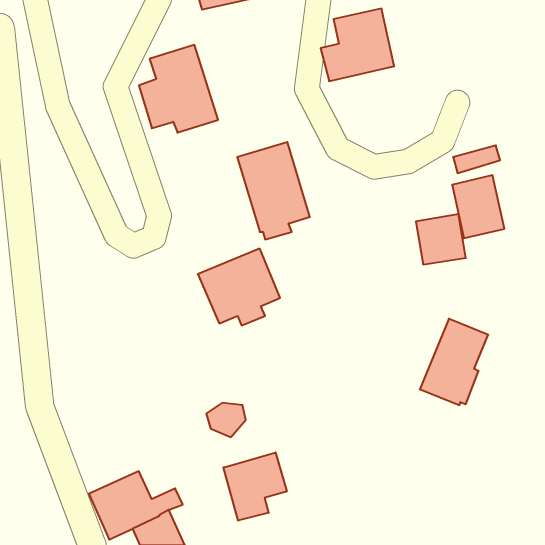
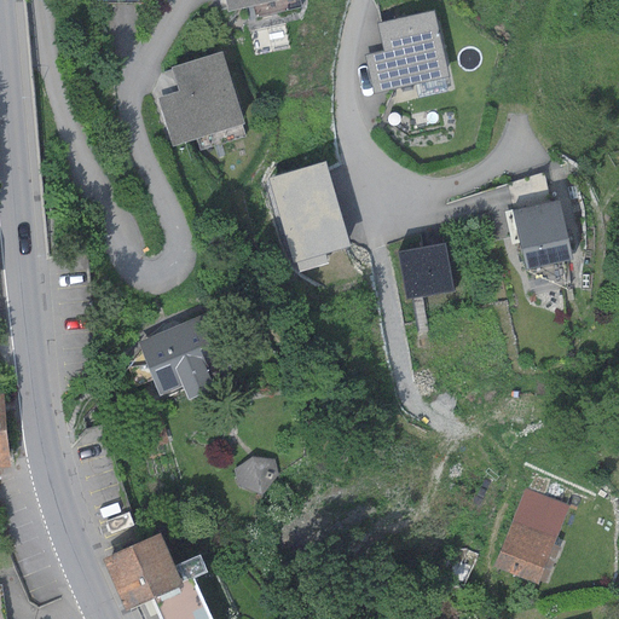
building: [416,214,466,264] -> [398,243,455,300]
building: [198,249,280,325] -> [138,312,231,399]
building: [420,319,488,405] -> [493,486,571,584]
building: [223,452,287,521] -> none

